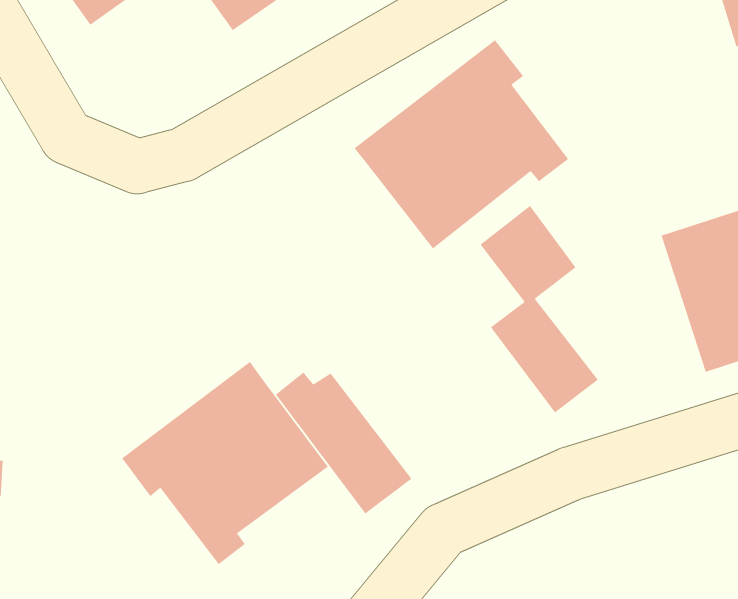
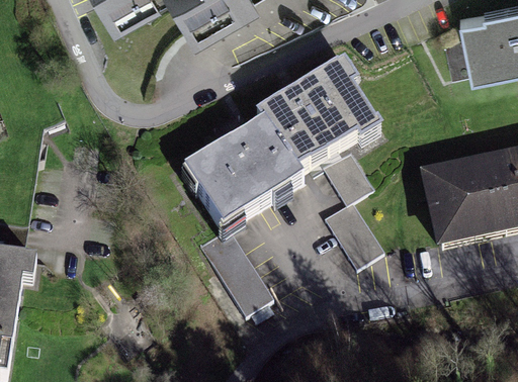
building: none -> [179,113,298,222]
building: [121,361,329,565] -> none

